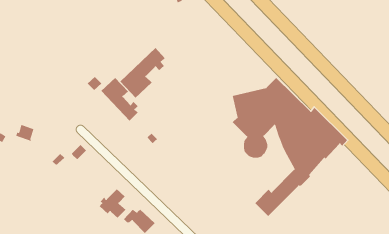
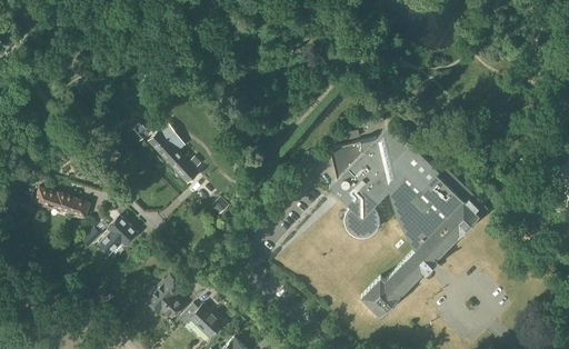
building: [119,47,165,99] -> none
building: none -> [53,192,91,219]
building: none -> [98,225,139,257]

